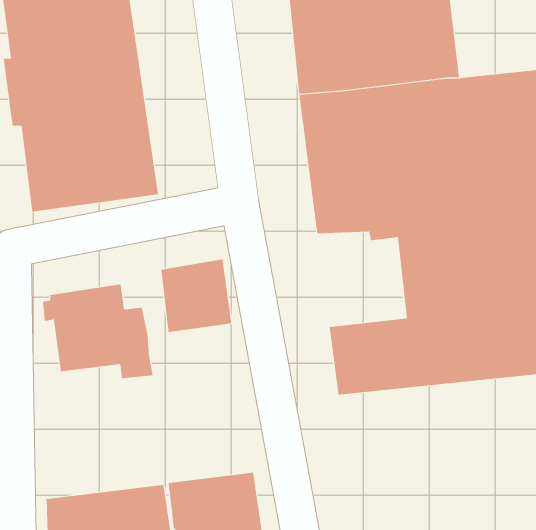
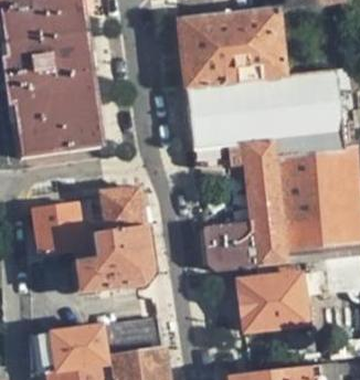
building: none -> [76,225,151,291]
building: none -> [237,264,307,330]

